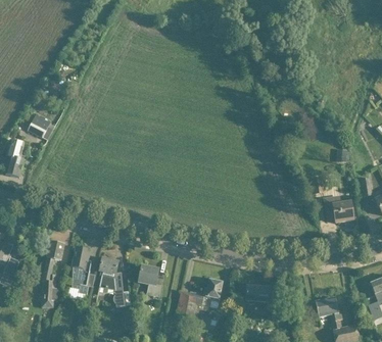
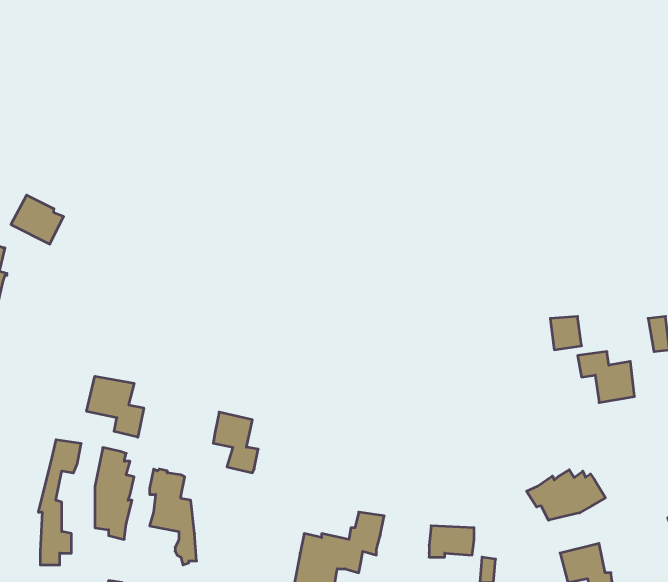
building: none -> [87,376,144,437]
building: none -> [527,470,605,520]
building: [139,264,162,296] -> [213,412,258,473]

